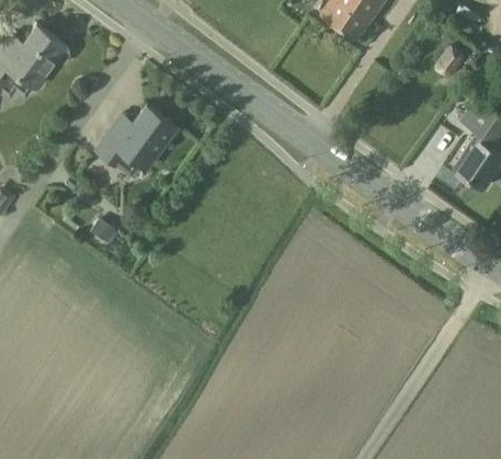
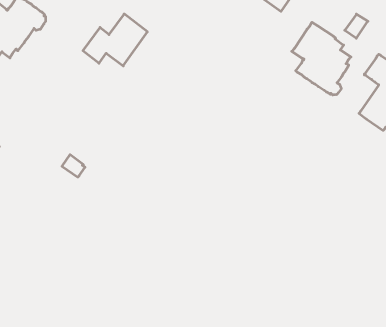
building: none -> [292,22,351,95]
building: [95,106,174,170] -> [83,14,147,66]

